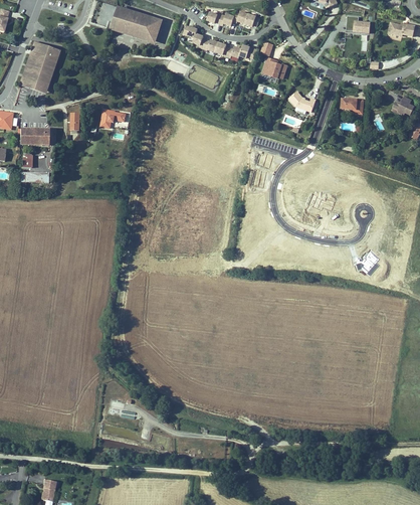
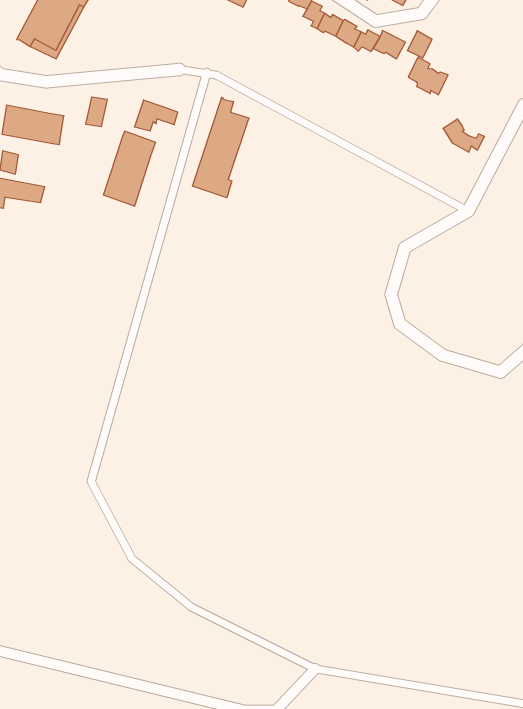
building: none -> [192,97,249,198]
building: none -> [104,131,156,206]

